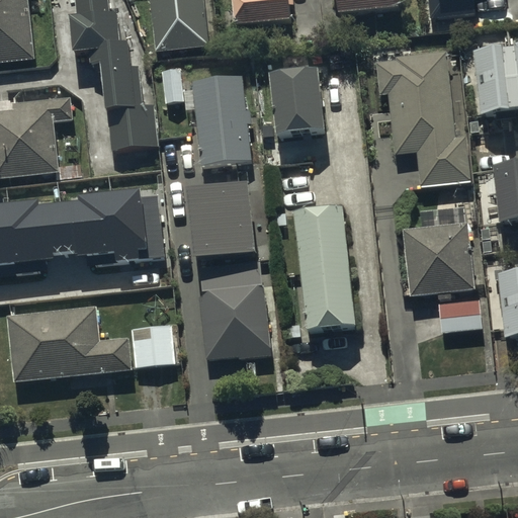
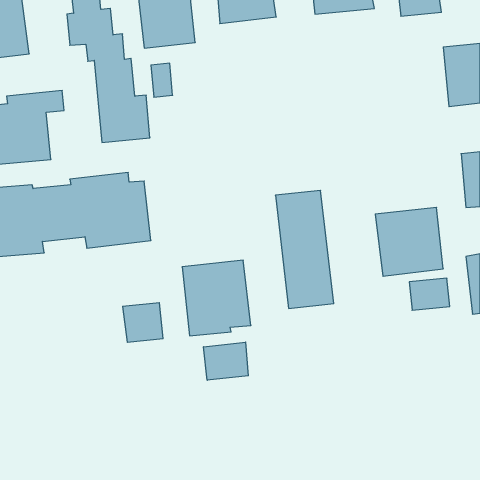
building: [377,51,471,188] -> none
building: [271,70,327,137] -> none
building: [192,75,252,167] -> none
building: [182,178,254,258] -> none
building: [4,307,127,380] -> none
building: none -> [204,342,248,380]

